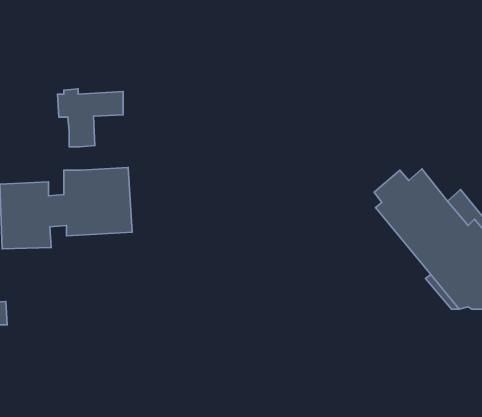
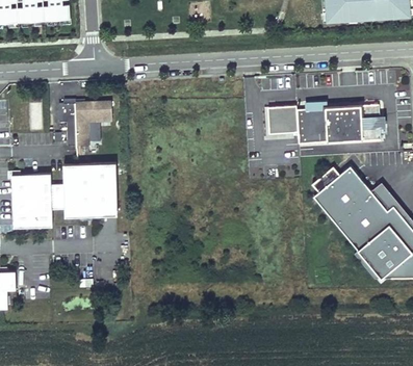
building: none -> [267,104,385,143]

